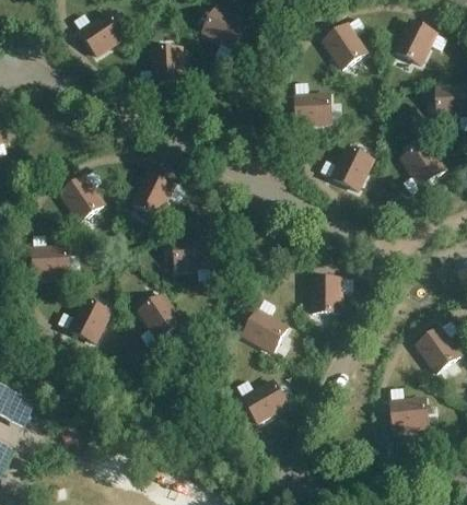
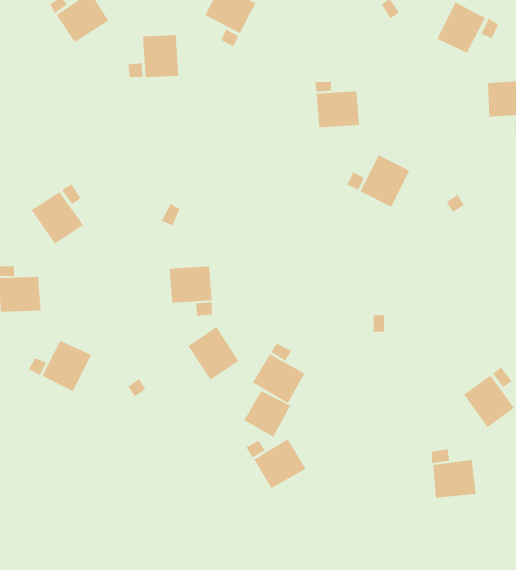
building: [324,24,366,69] -> none
building: [402,142,444,186] -> none
building: [132,173,173,215] -> none
building: [312,279,340,313] -> none
building: [139,294,182,339] -> [188,326,239,381]
building: none -> [243,390,291,438]

